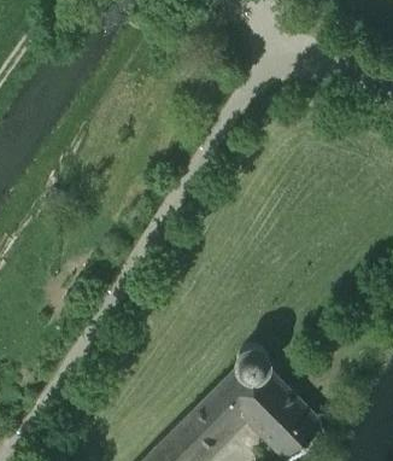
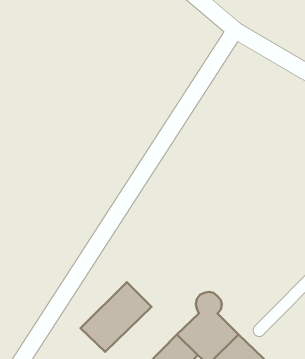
building: none -> [81,282,152,352]

